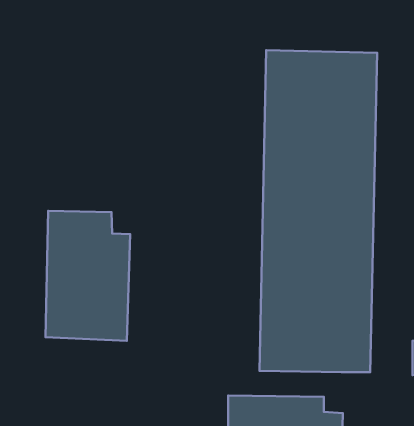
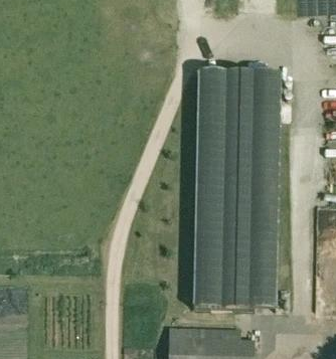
building: [45,211,130,341] -> none

